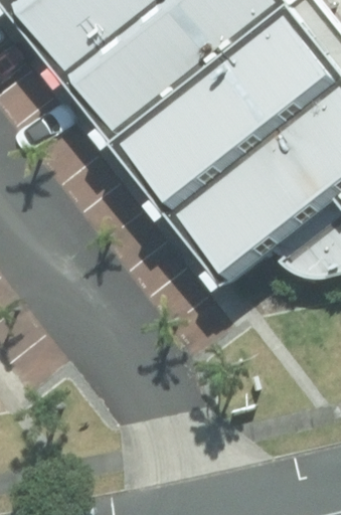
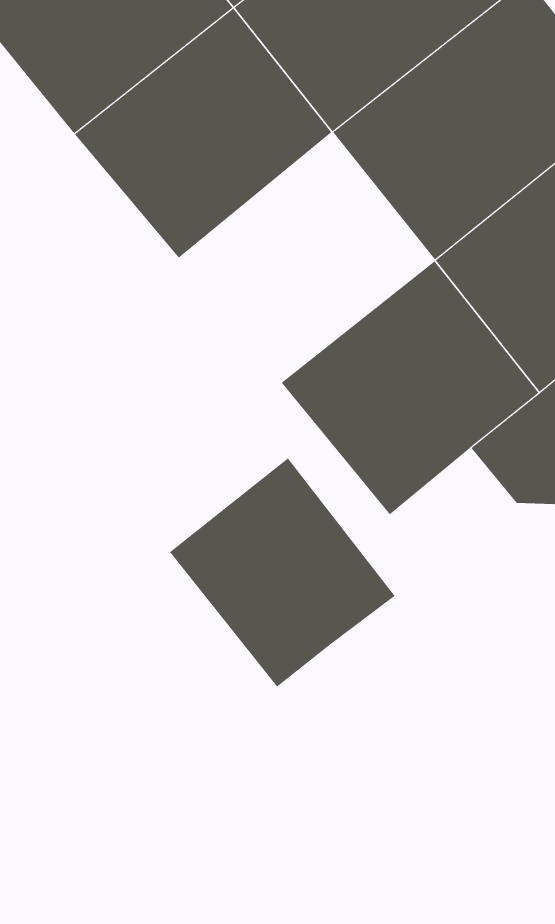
building: [120,85,250,213] -> none
building: none -> [169,457,396,687]

